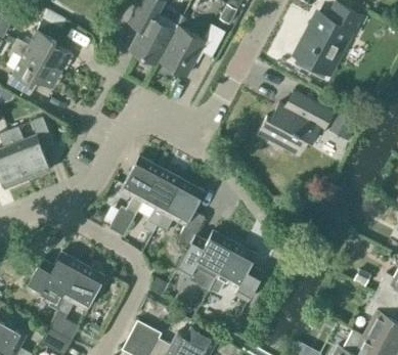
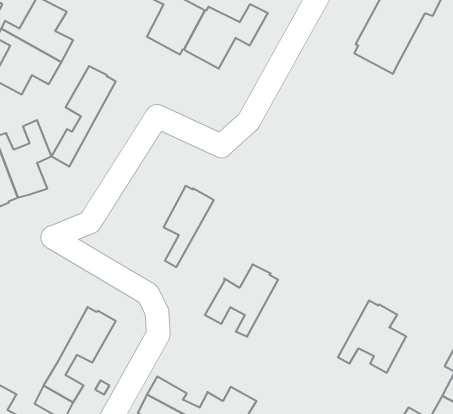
building: [258,94,333,154] -> none
building: [108,157,160,236] -> [51,66,116,167]
building: [157,180,205,245] -> none
building: [209,243,263,301] -> [338,301,406,373]
building: [25,253,82,310] -> none

